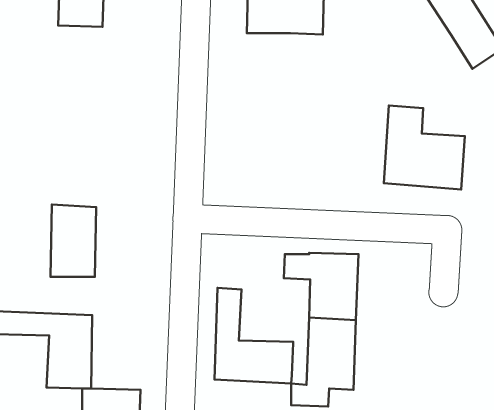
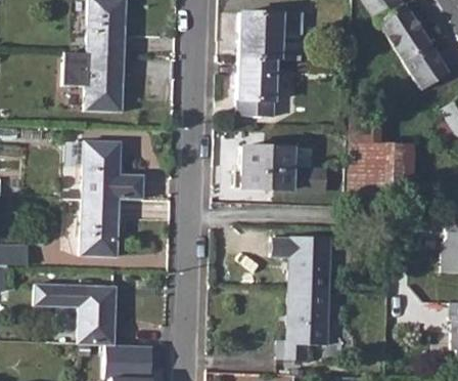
building: none -> [86,53,123,111]
building: none -> [238,59,274,118]
building: none -> [82,139,145,201]
building: none -> [241,145,327,192]
building: [215,288,293,384] -> none

